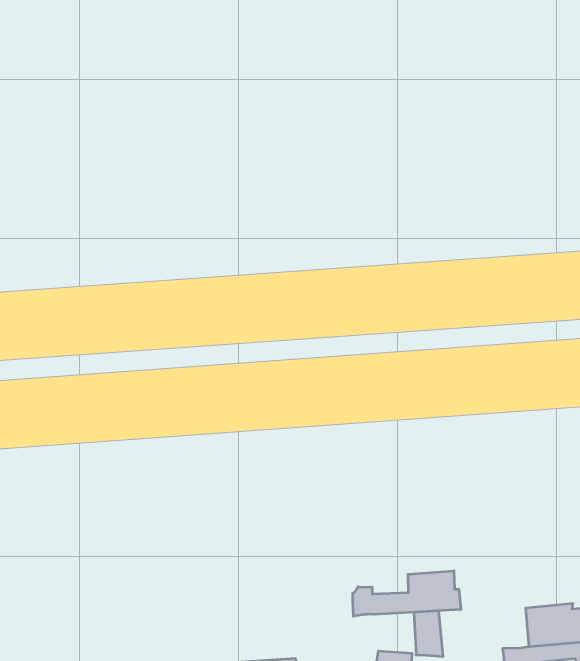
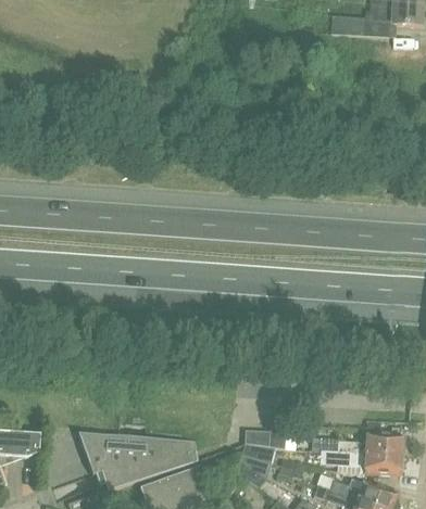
building: [353,571,461,616] -> none

